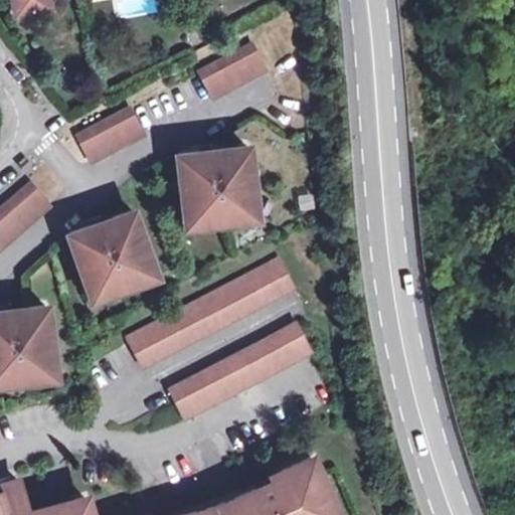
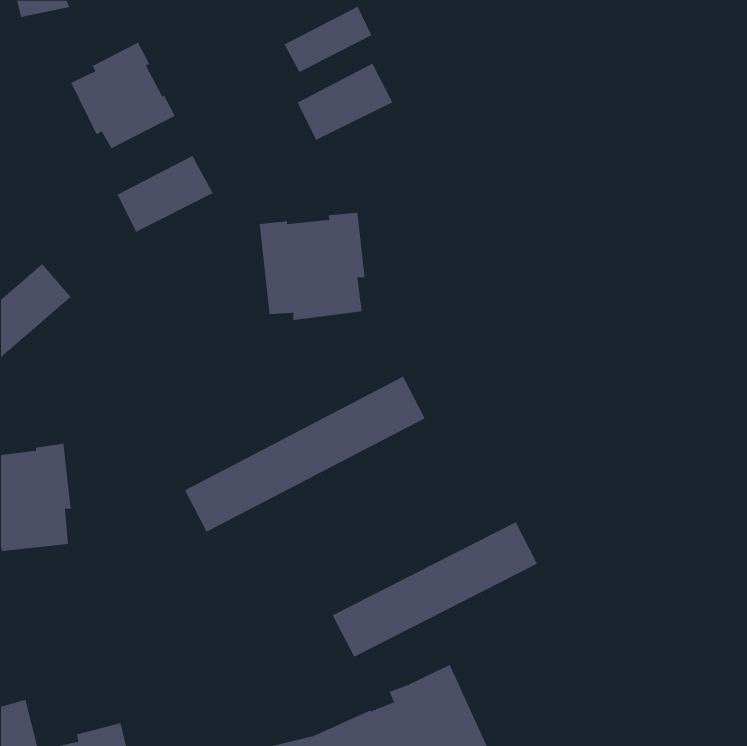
building: none -> [284,6,372,73]
building: none -> [71,42,176,149]
building: [68,212,152,291] -> none
building: [168,324,310,417] -> [332,522,538,658]

